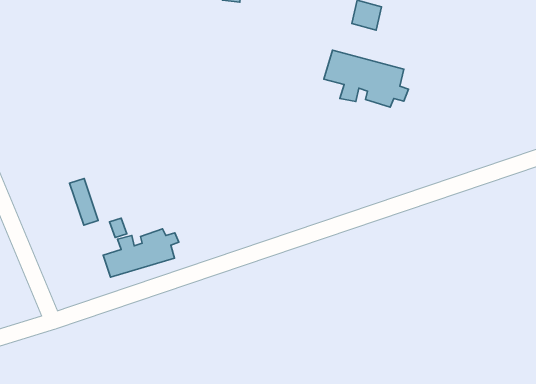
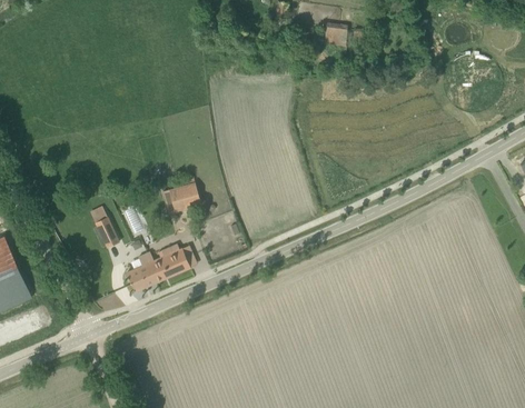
building: [324,50,409,107] -> none
building: none -> [162,181,200,210]

